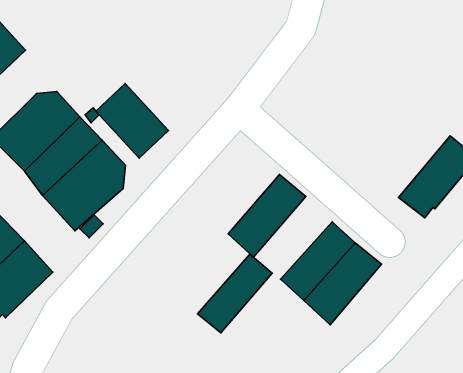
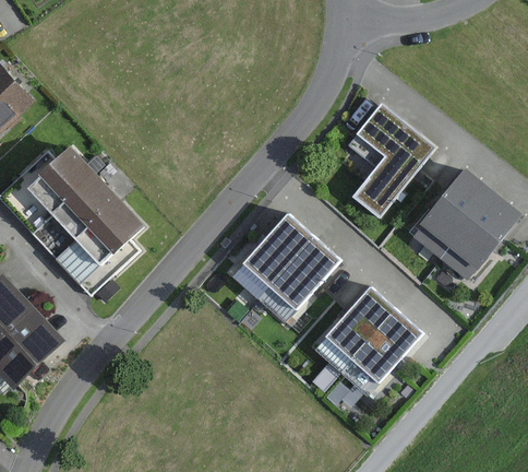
building: none -> [346,101,436,219]
building: [96,84,168,158] -> none
building: none -> [411,168,494,259]
building: [198,254,272,333] -> [229,213,310,298]

